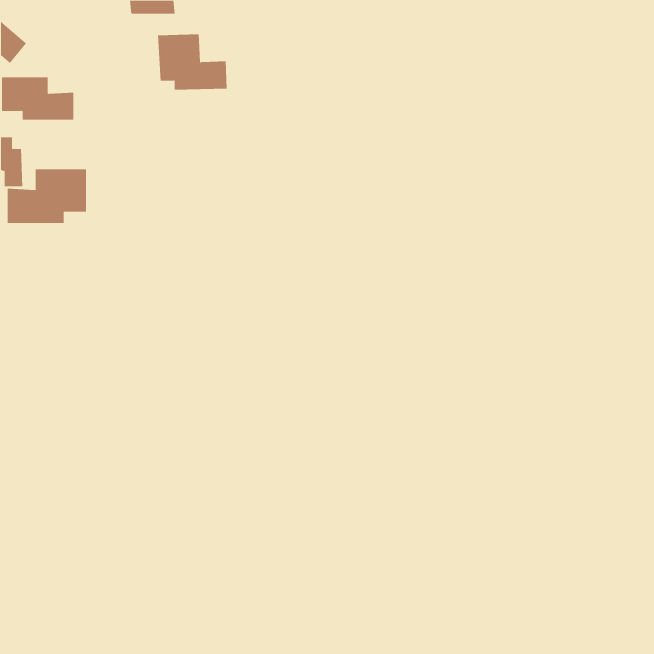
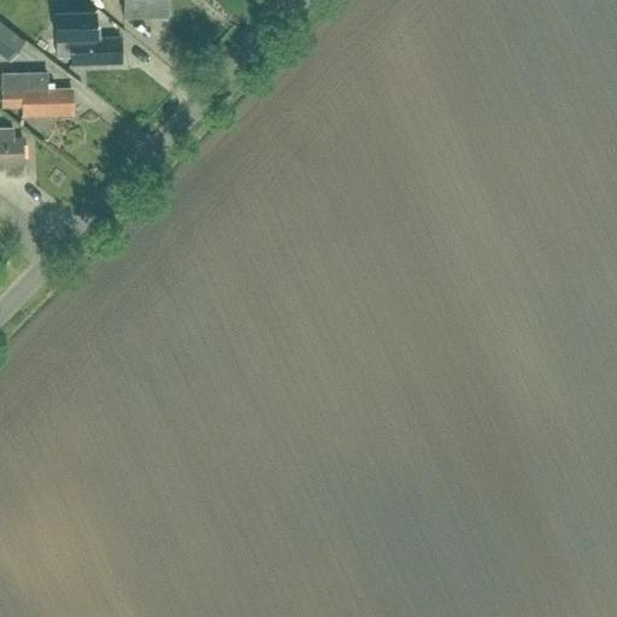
building: [157,34,228,90] -> [54,11,121,64]
building: [7,168,86,224] -> none

